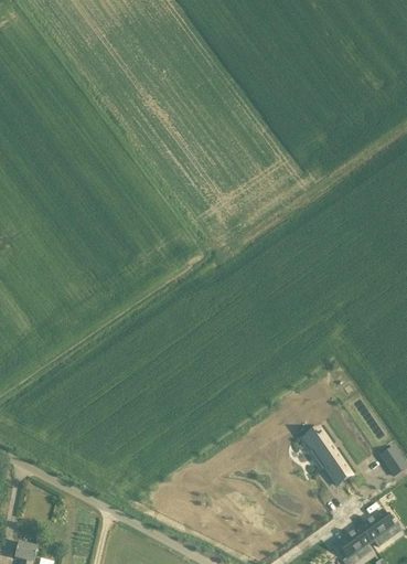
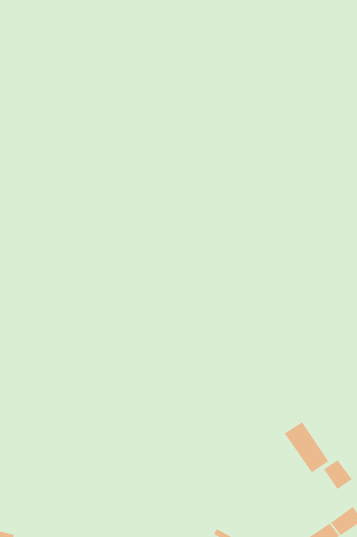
building: none -> [323,460,352,490]

